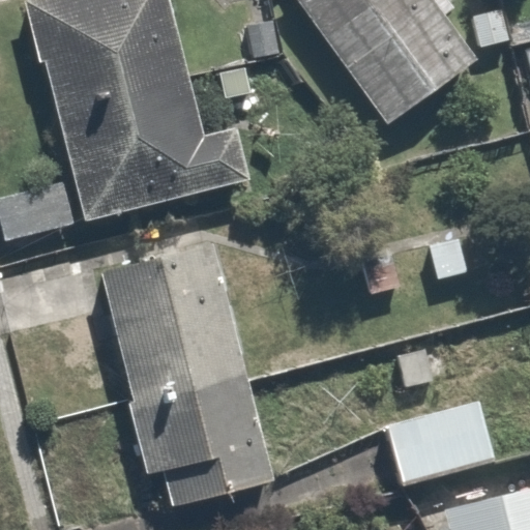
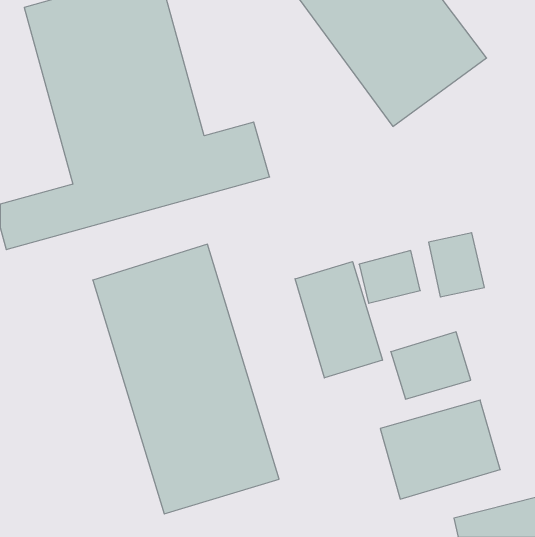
building: none -> [295,262,382,378]

